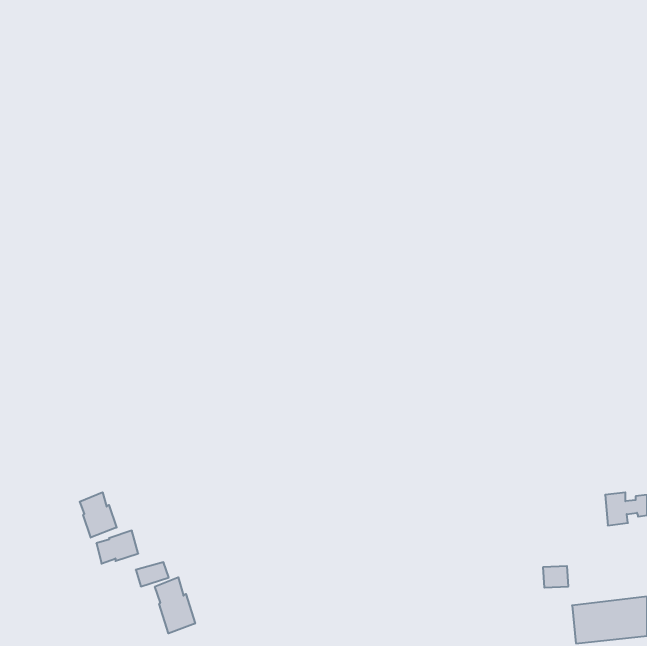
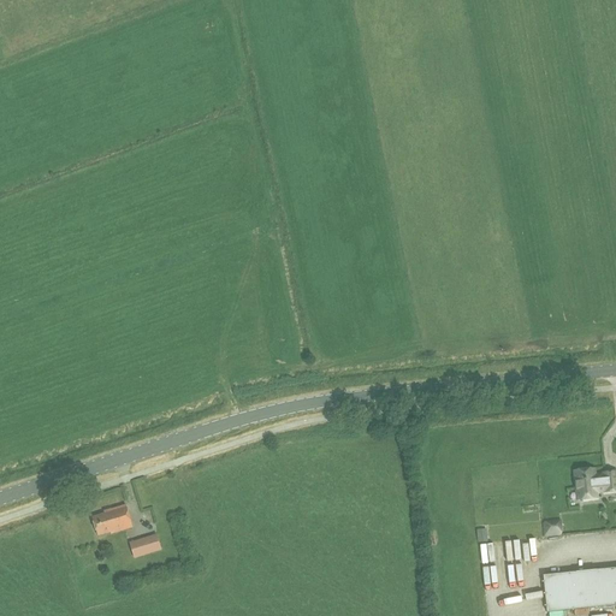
building: [80,492,117,538] -> none
building: [155,577,195,633] -> none

